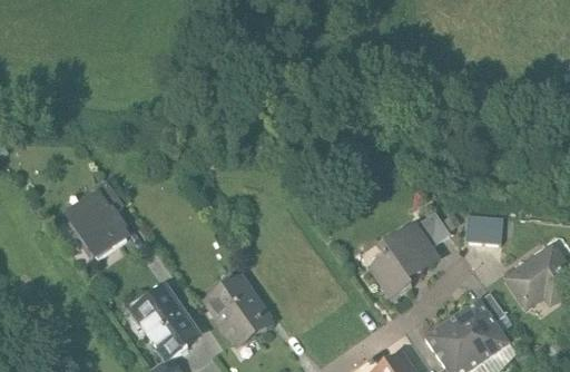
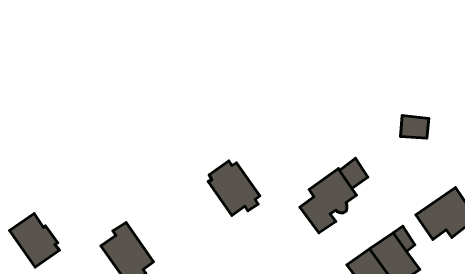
building: [68,194,127,257] -> [10,213,60,267]
building: [468,214,501,241] -> [400,116,429,138]
building: [207,275,268,340] -> [208,161,260,216]

